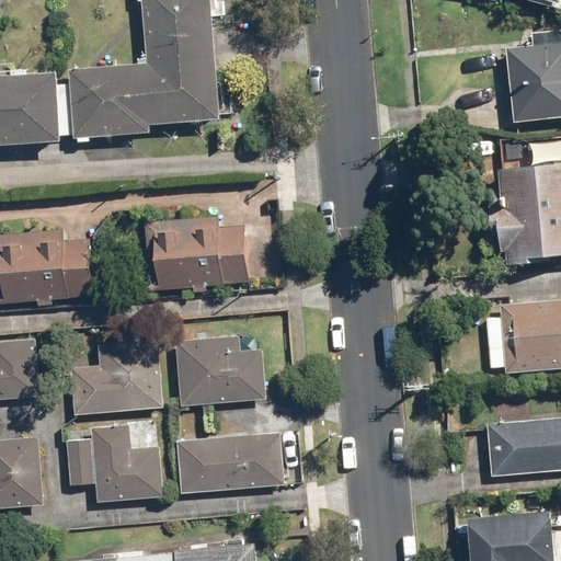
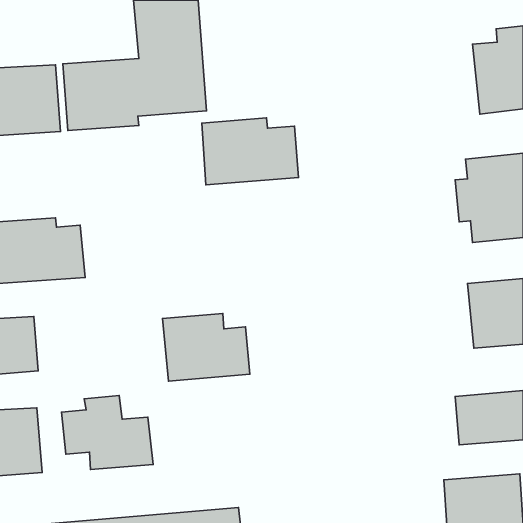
building: [145,218,248,289] -> [202,118,298,185]
building: [68,341,163,416] -> none
building: [178,431,285,493] -> none

